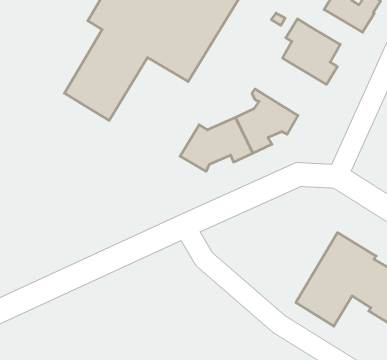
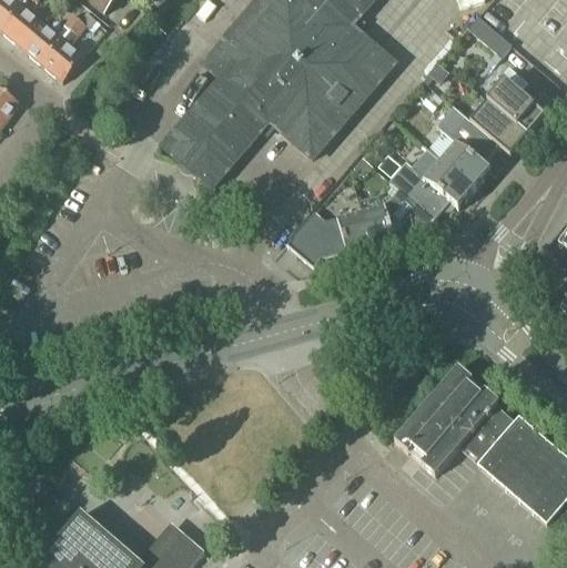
building: none -> [469,99,527,153]
building: none -> [388,148,474,219]

